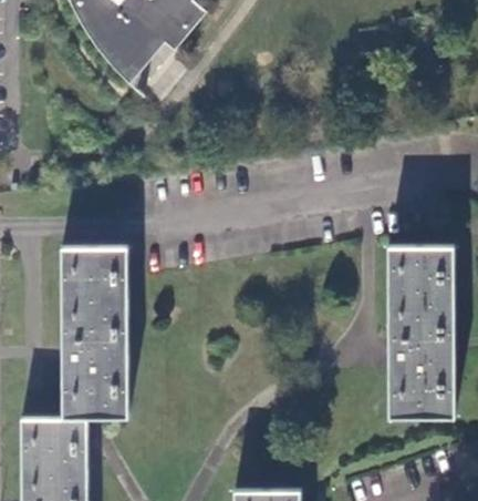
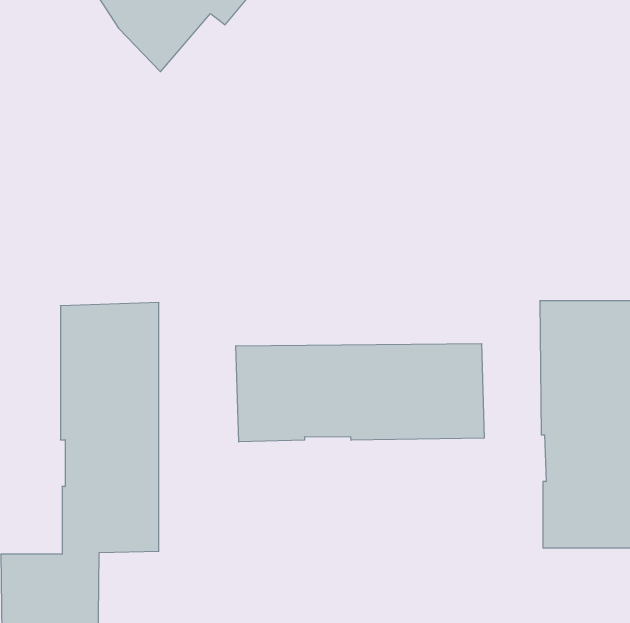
building: none -> [236,344,484,442]

